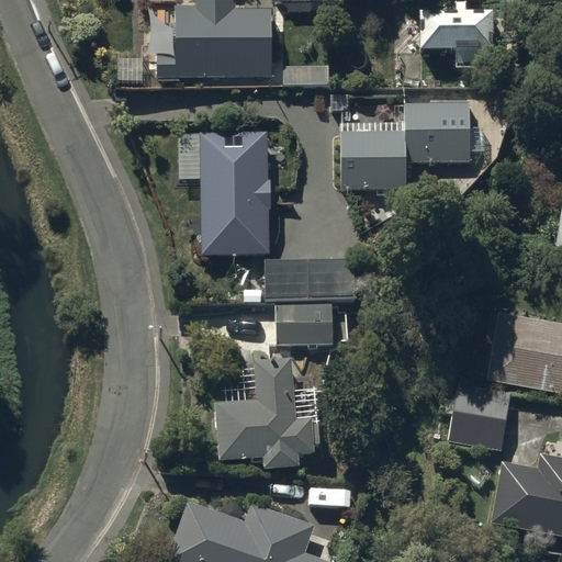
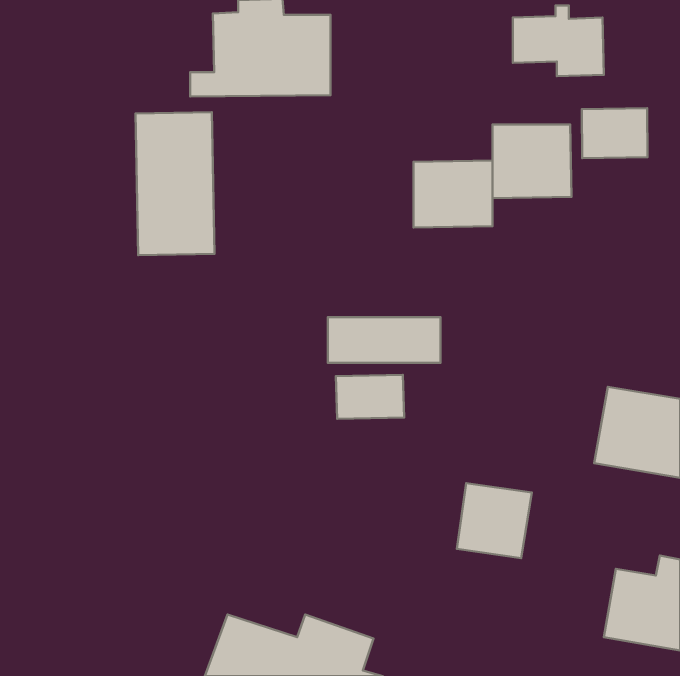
building: none -> [582,108,648,158]
building: [202,136,267,254] -> [135,112,214,255]
building: [218,363,313,460] -> none
building: [449,387,510,449] -> [457,483,532,558]

